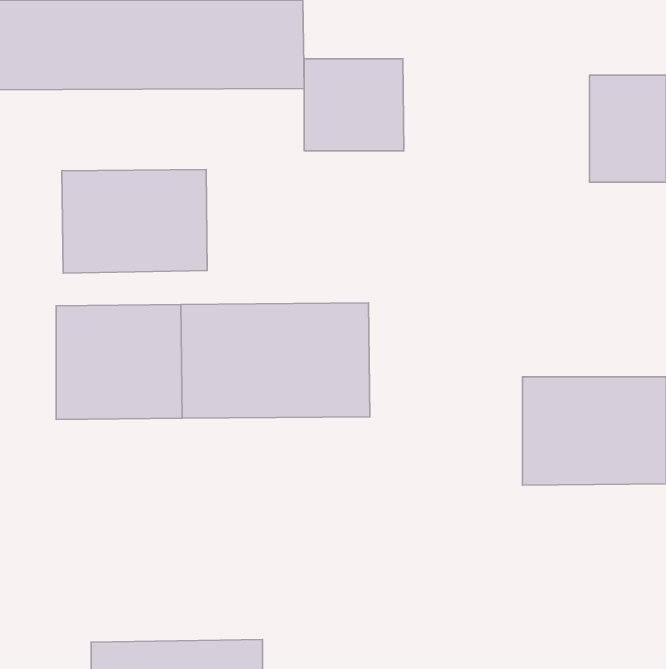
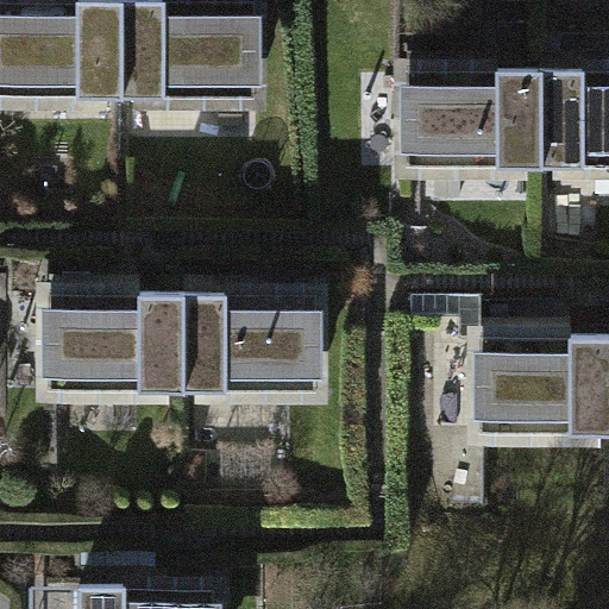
building: [304,59,404,151] -> none
building: none -> [390,81,523,176]
building: [62,169,207,273] -> none

